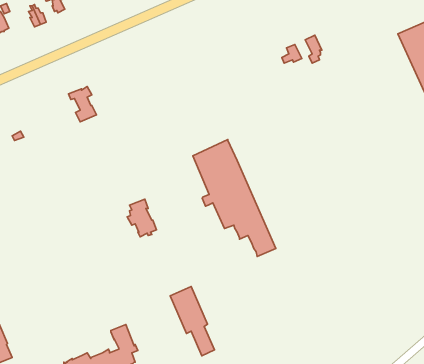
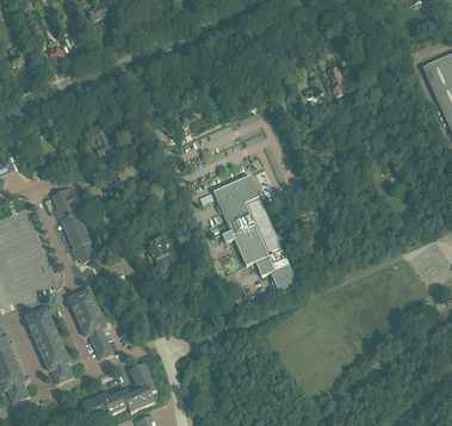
building: none -> [51,186,94,261]
building: none -> [24,308,72,383]
building: [170,286,215,356] -> [67,288,112,358]

